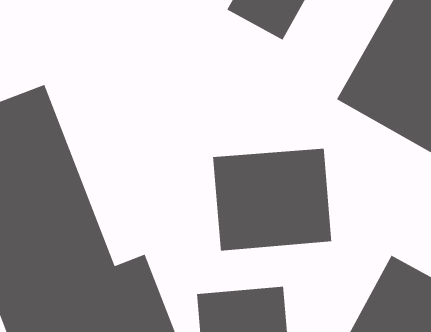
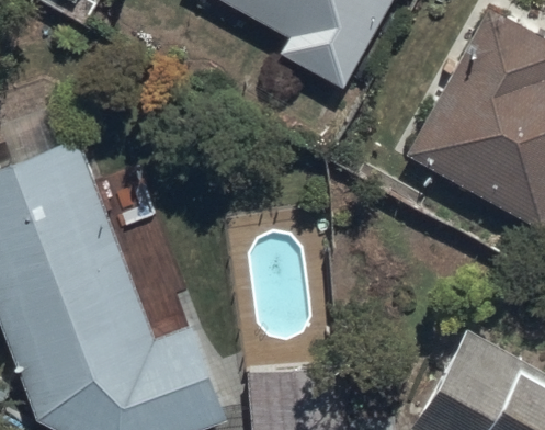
building: [212,148,332,252] -> none

